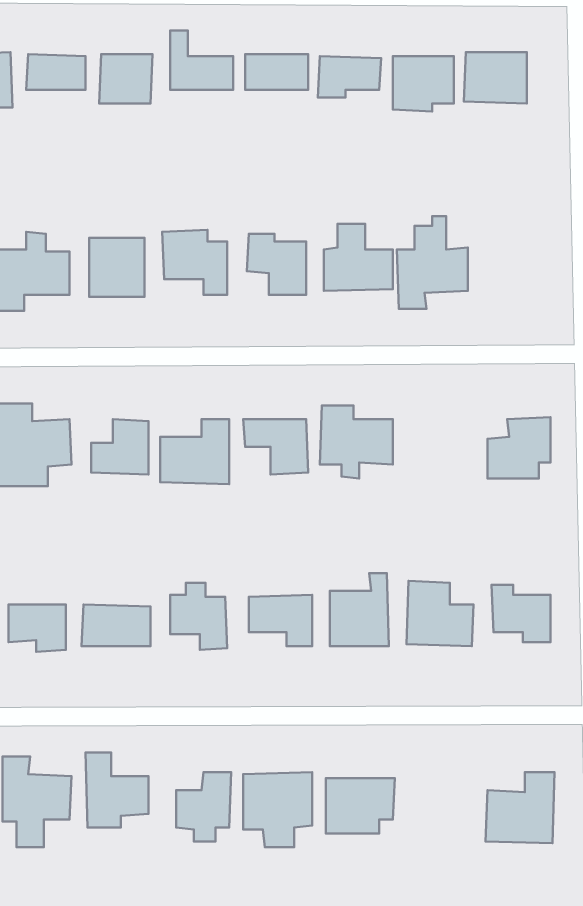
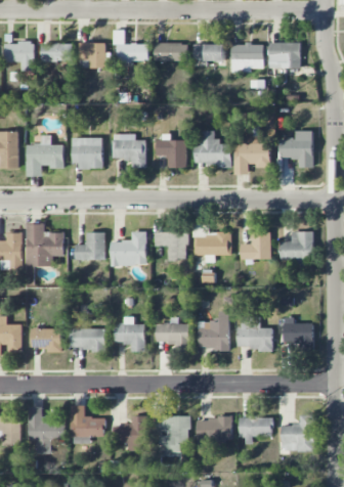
building: none -> [279,131,313,168]
building: none -> [241,232,271,260]
building: none -> [239,416,272,445]

